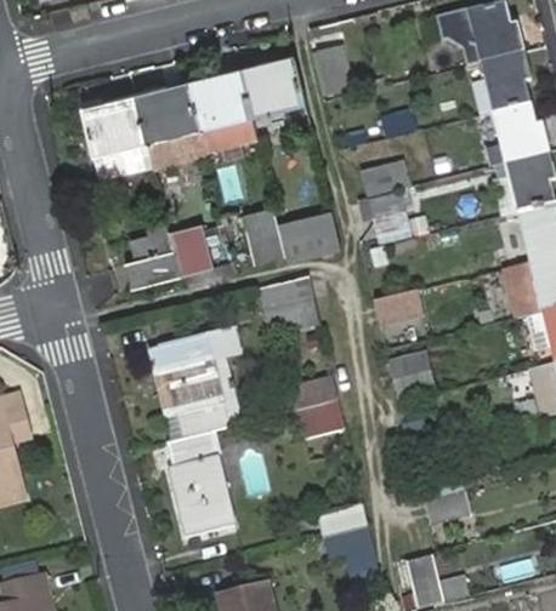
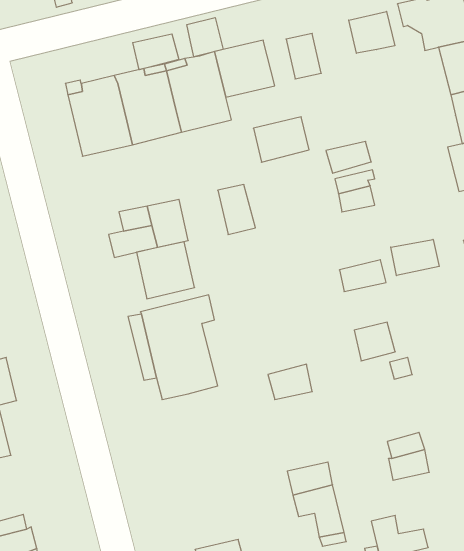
building: none -> [349,11,395,53]
building: none -> [187,18,223,57]
building: none -> [133,34,179,70]
building: [280,213,340,262] -> [253,117,309,162]
building: none -> [391,239,439,276]
building: [260,278,322,338] -> [137,242,195,299]
building: [289,377,339,412] -> none
building: [164,433,234,537] -> none

